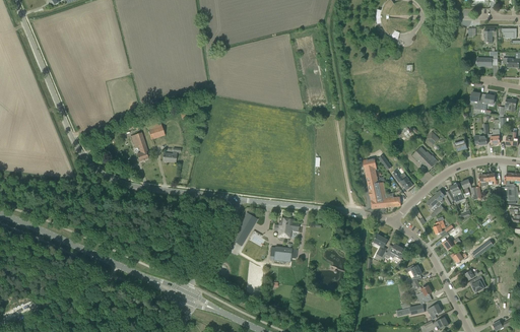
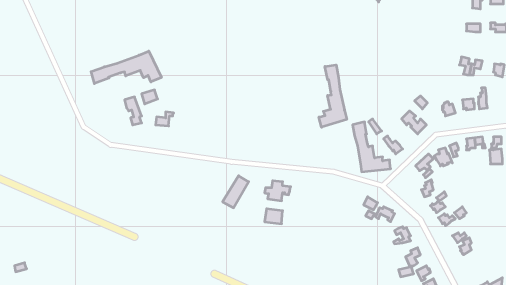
building: none -> [91,51,161,84]
building: none -> [319,65,347,127]

